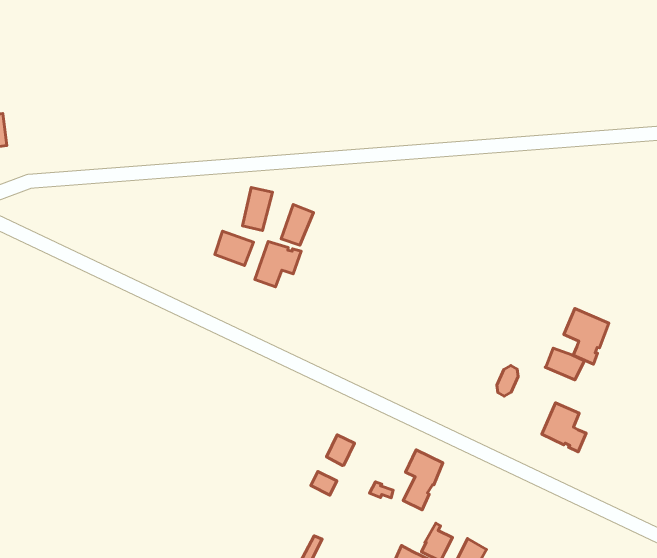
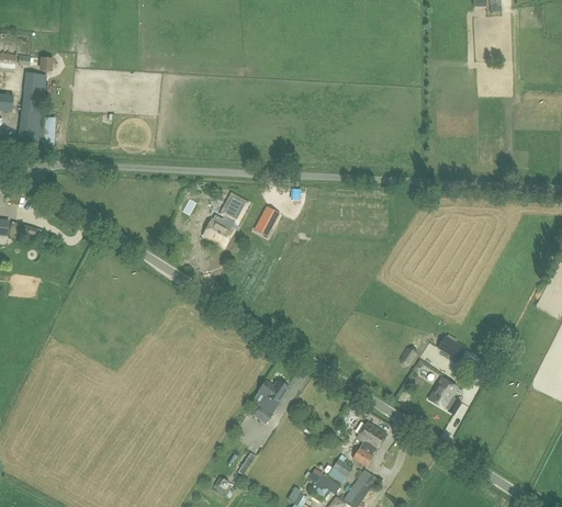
building: [255,242,301,287] -> none
building: [564,309,609,364] -> none
building: [403,450,443,510] -> [352,420,385,465]

